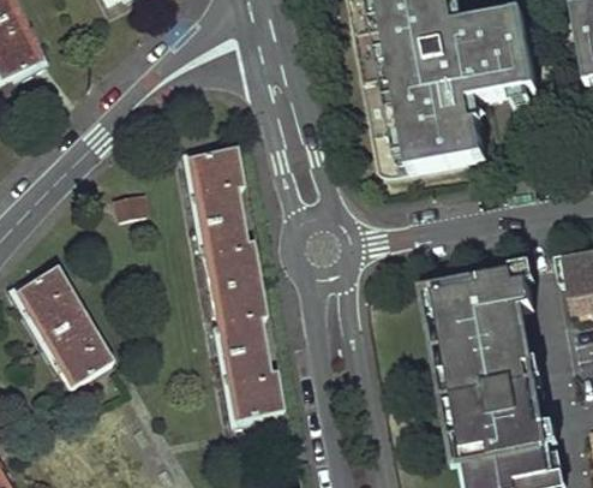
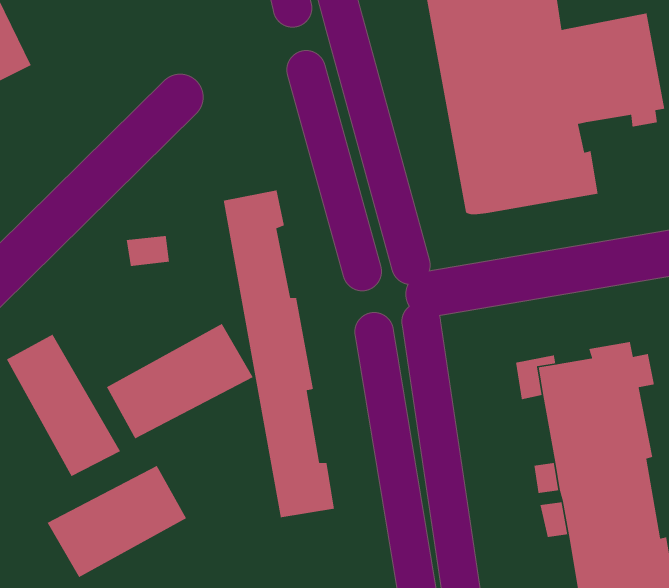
building: none -> [106,323,254,440]
building: none -> [47,465,187,578]

